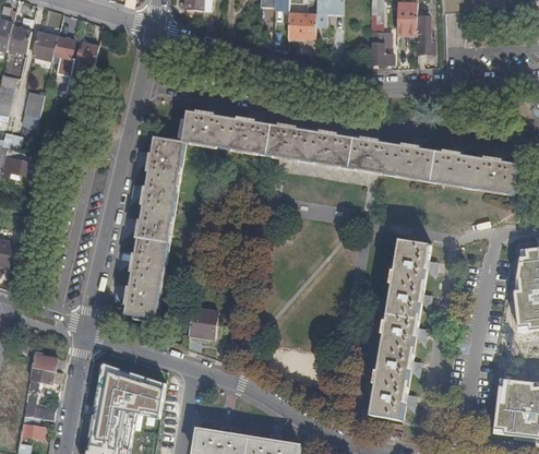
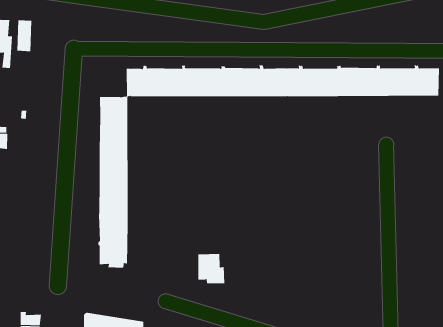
building: [372,239,431,420] -> none
building: [189,307,219,343] -> [198,254,225,284]

